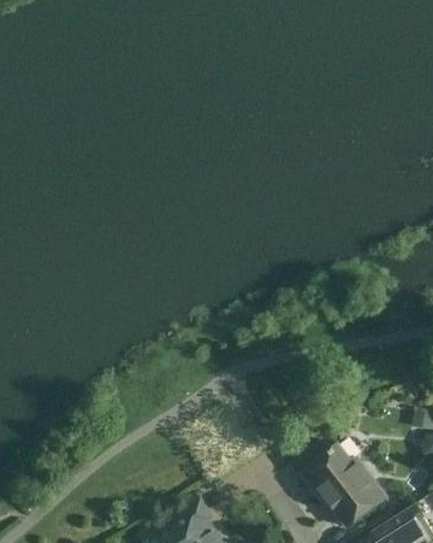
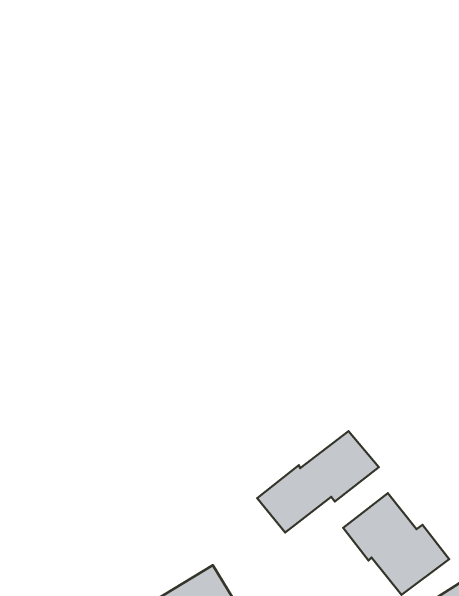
building: none -> [257,431,379,533]

